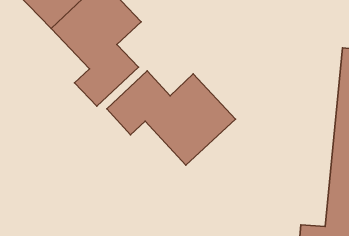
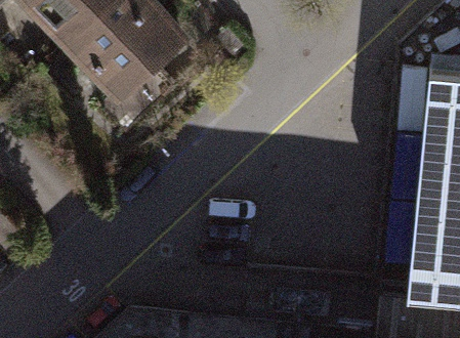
building: [107,71,236,165] -> none

